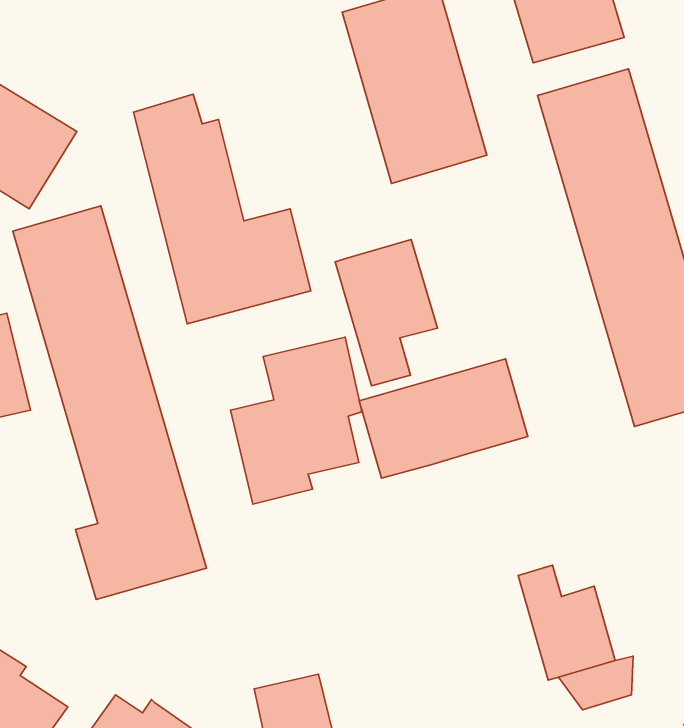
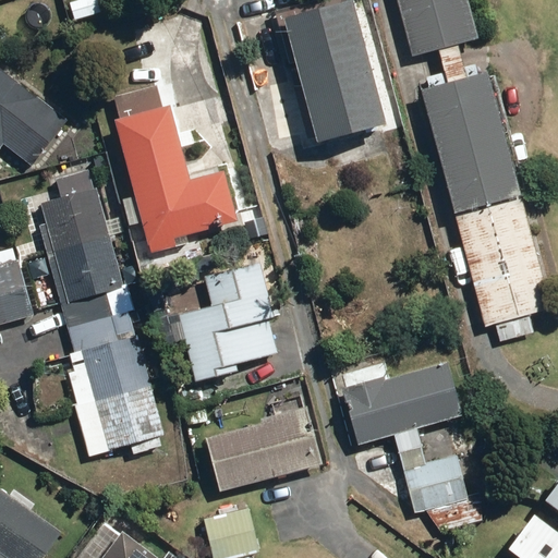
building: [335,240,437,386] -> none
building: [359,359,528,478] -> [342,359,465,446]
building: none -> [207,409,322,493]

